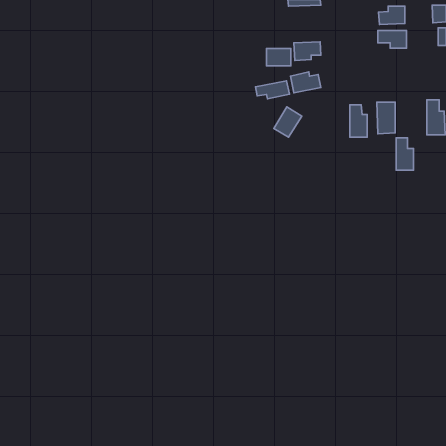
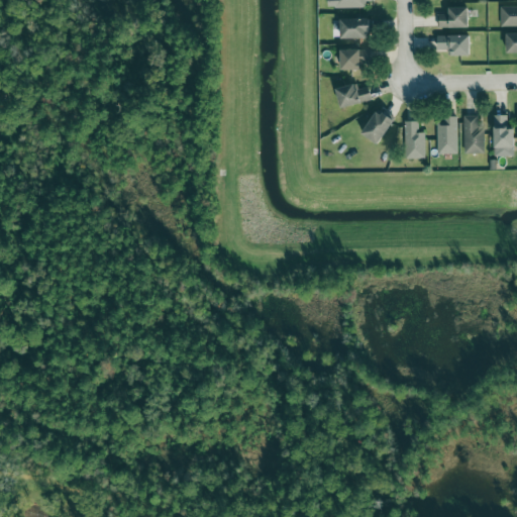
building: [266,48,291,66] -> [340,18,369,38]
building: [255,81,289,99] -> none
building: [274,107,302,137] -> [360,109,393,144]
building: [396,138,414,170] -> [462,115,483,152]

